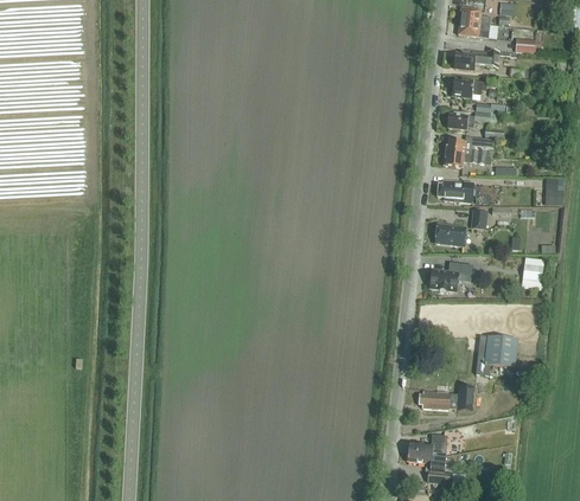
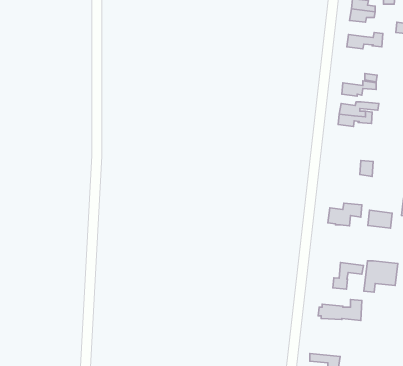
building: [452,76,498,97] -> none
building: [438,178,474,201] -> none
building: [435,221,466,244] -> [368,210,392,228]
building: none -> [333,263,363,289]
building: [408,432,447,454] -> none

